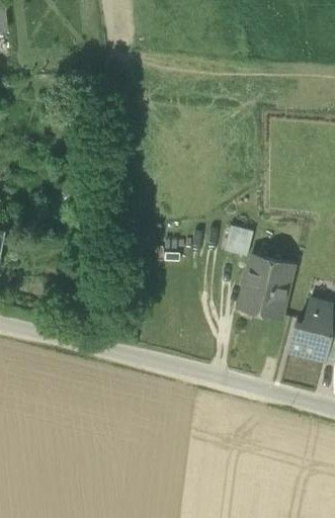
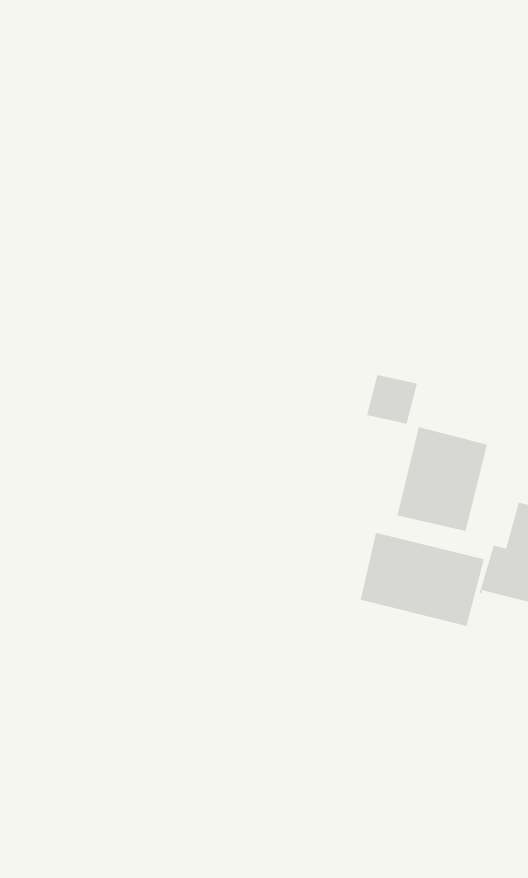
building: none -> [360,531,485,627]

